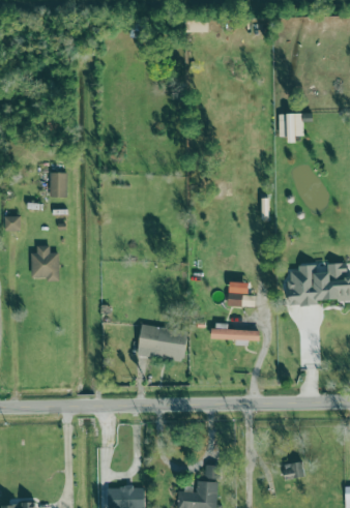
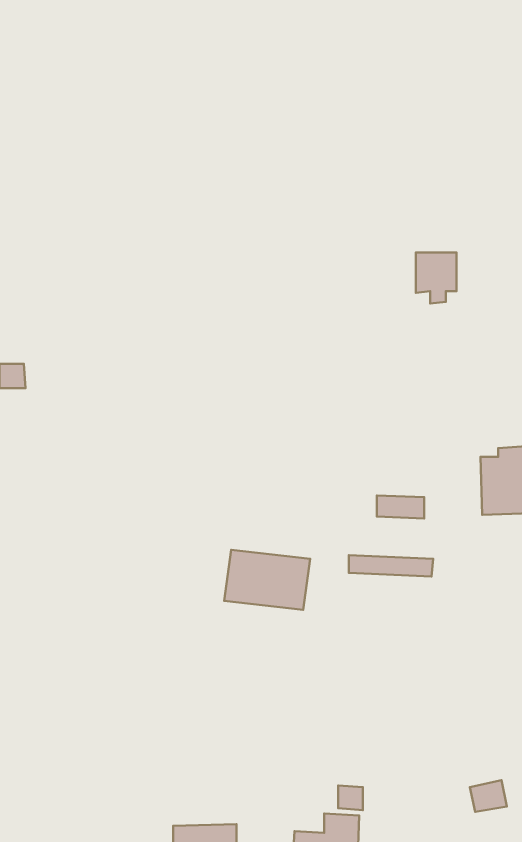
building: [279,113,302,143] -> [416,253,456,304]
building: [49,172,67,197] -> none
building: [32,245,59,278] -> none

